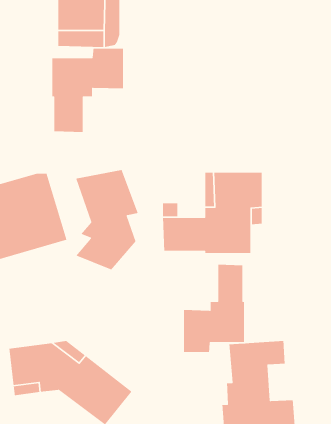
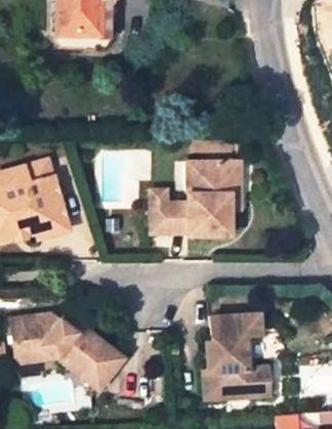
building: [51,48,124,133] -> none
building: [75,169,139,270] -> none
building: [183,264,245,353] -> none

